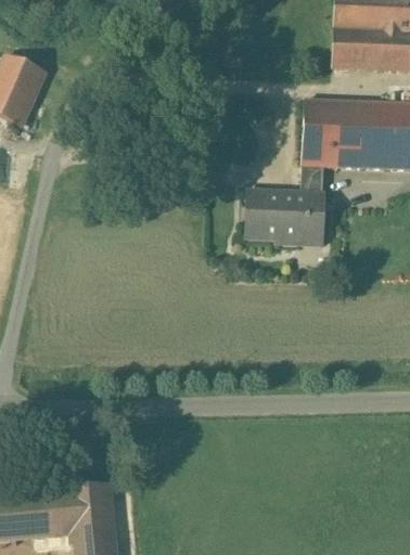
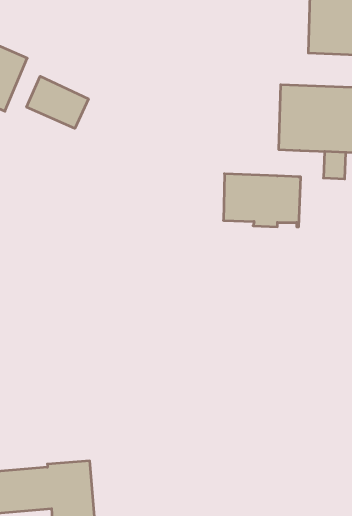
building: none -> [27,76,88,128]
building: [302,165,324,193] -> [323,151,346,179]

